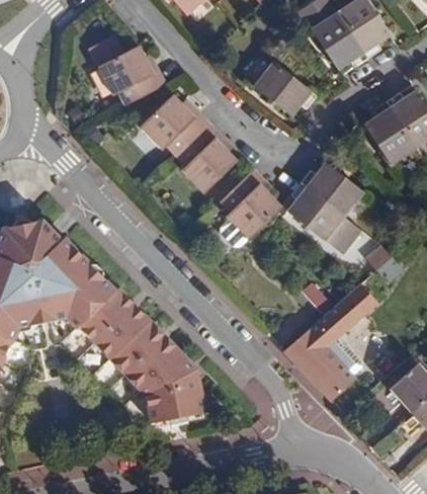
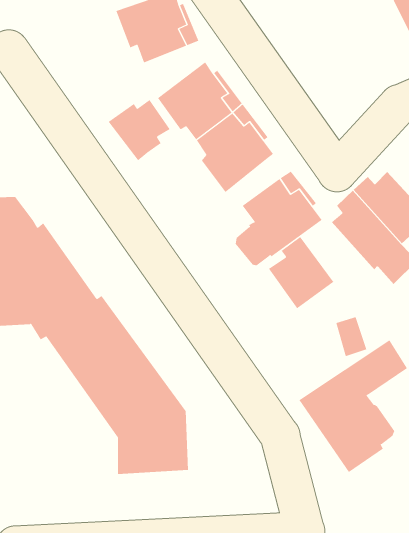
building: [253,62,315,116] -> none
building: none -> [108,99,170,161]
building: none -> [268,236,334,309]

